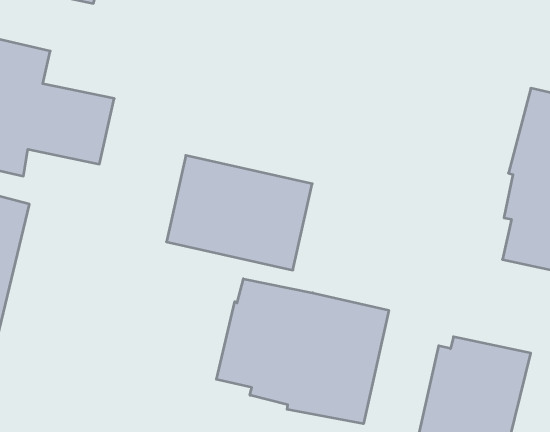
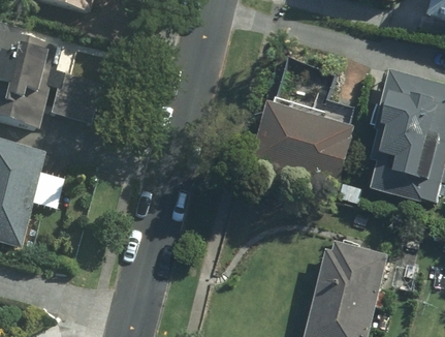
building: [166,155,312,270] -> [252,102,353,182]
building: [216,279,389,424] -> none

